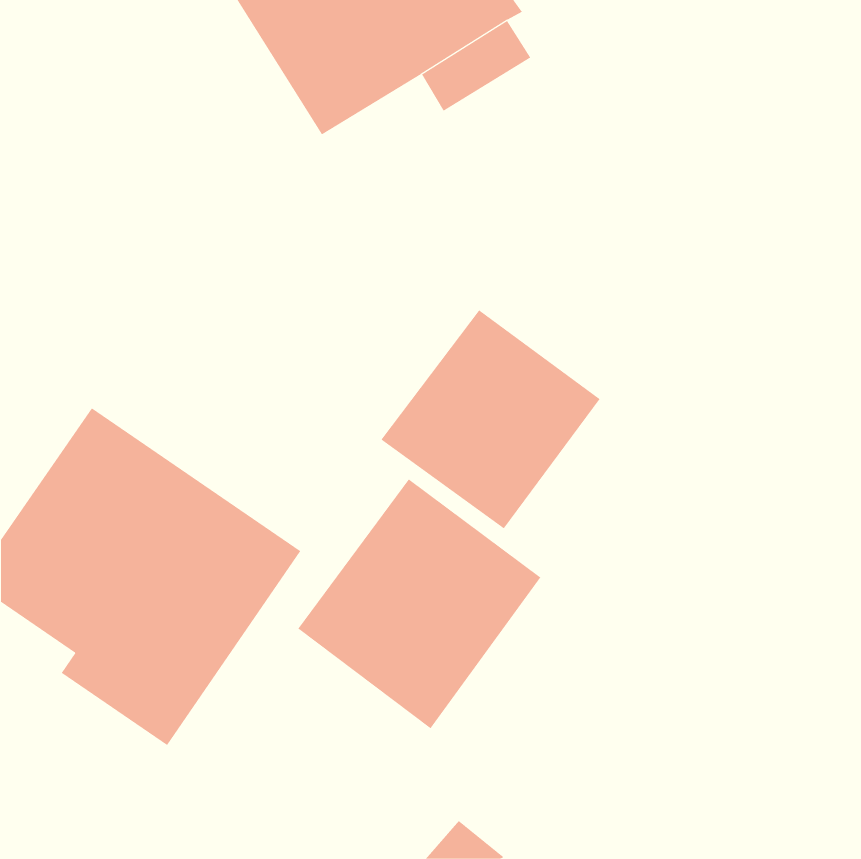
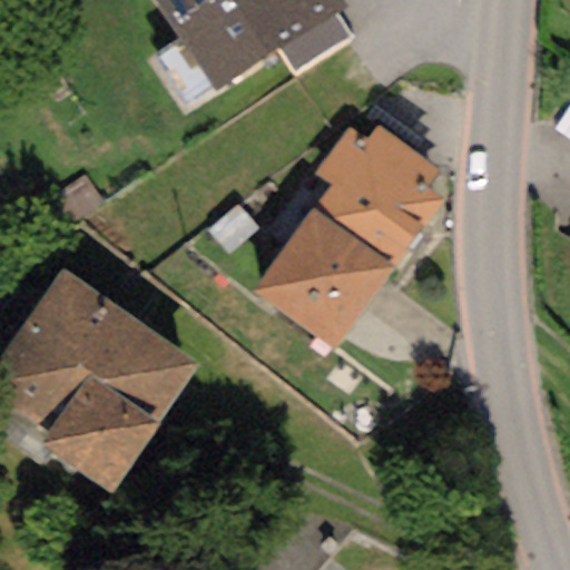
building: none -> [315,124,443,263]
building: [297,479,541,729] -> none

